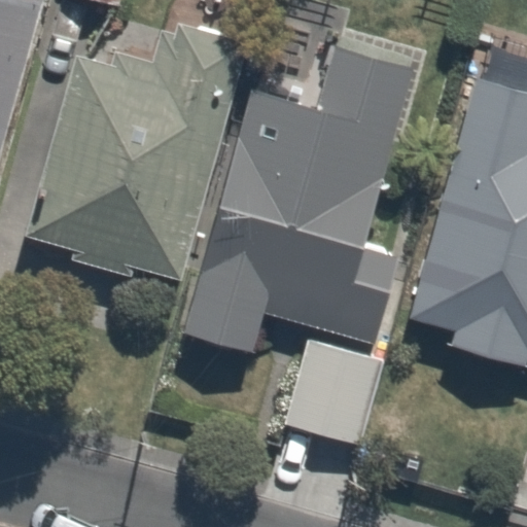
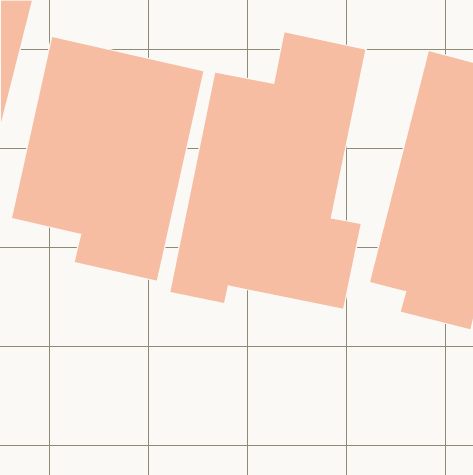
building: [288,340,388,442] -> none

